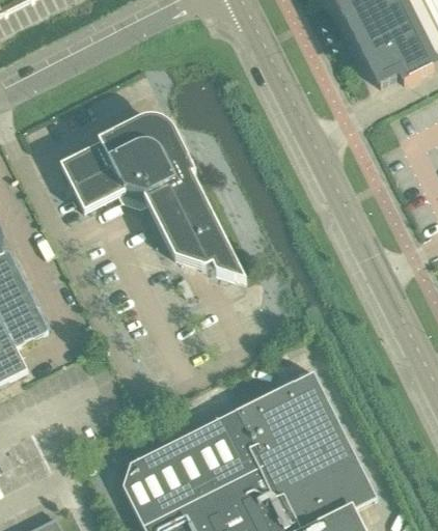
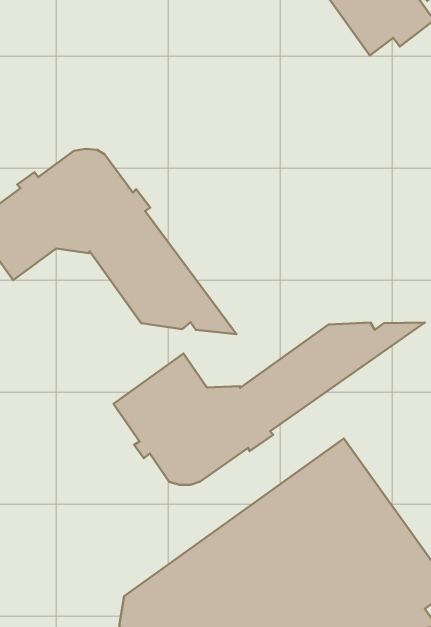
building: none -> [113,322,425,485]

